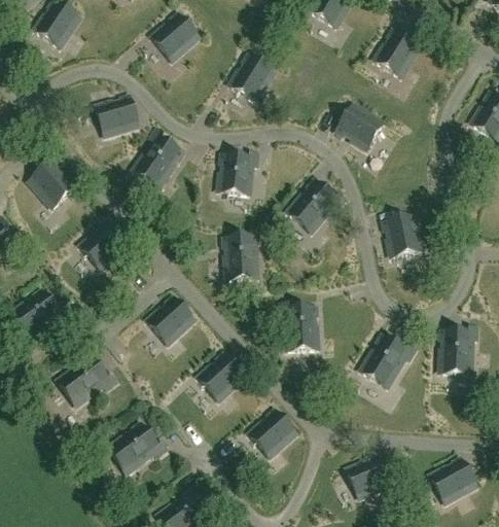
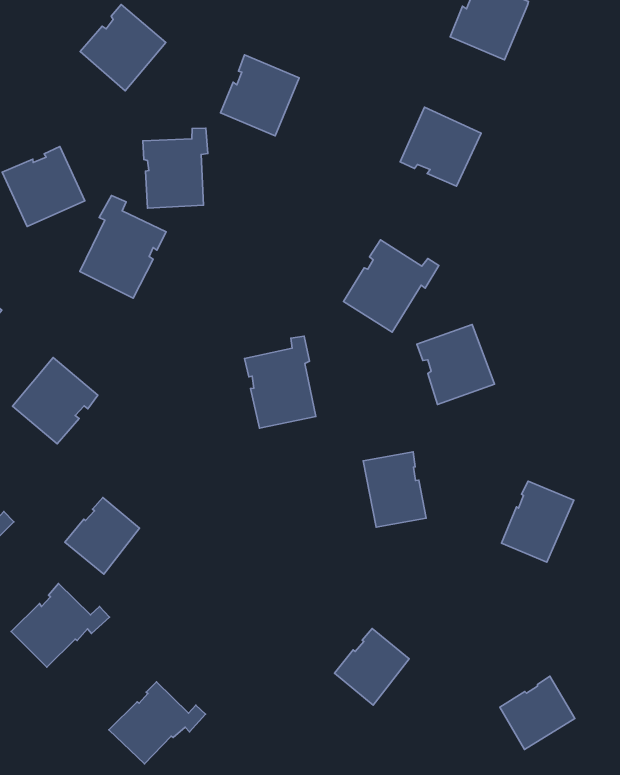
building: [219,150,261,198] -> [143,128,208,208]
building: [383,216,426,261] -> [417,324,494,404]
building: [148,298,194,345] -> [65,498,140,574]
building: [199,355,246,401] -> none

